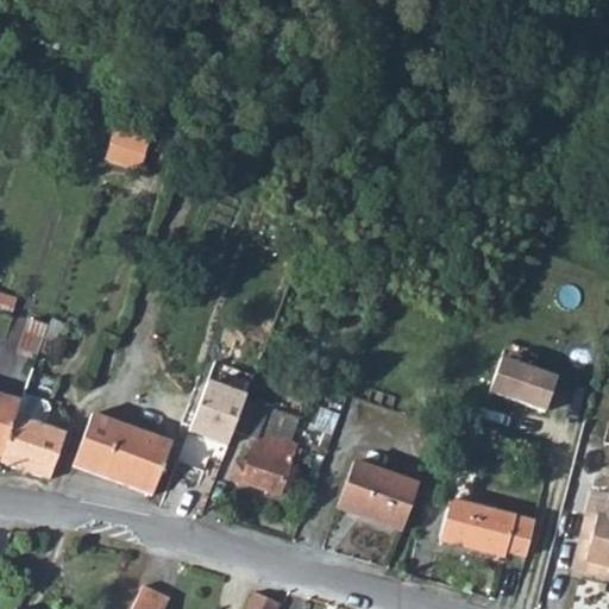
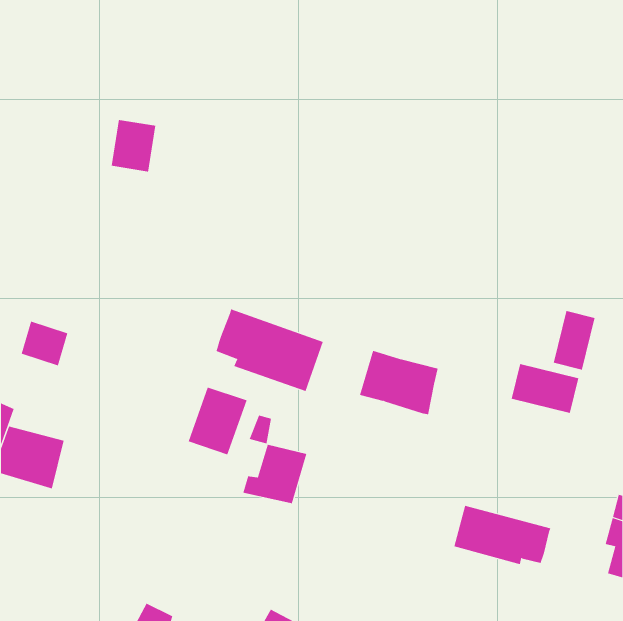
building: none -> [216,309,324,392]
building: none -> [553,310,595,371]
building: [70,412,168,496] -> none
building: [341,464,419,527] -> [359,350,438,415]

